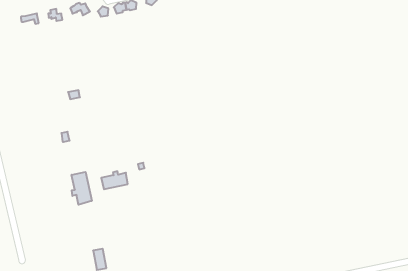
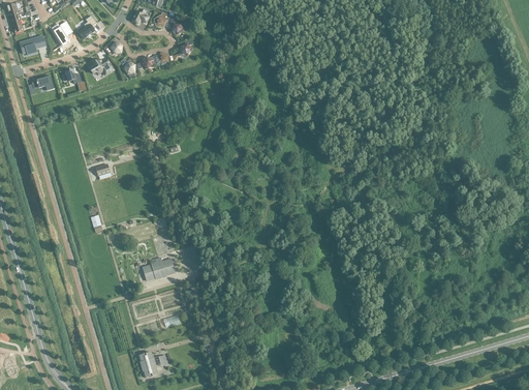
building: [72,172,92,205] -> none

